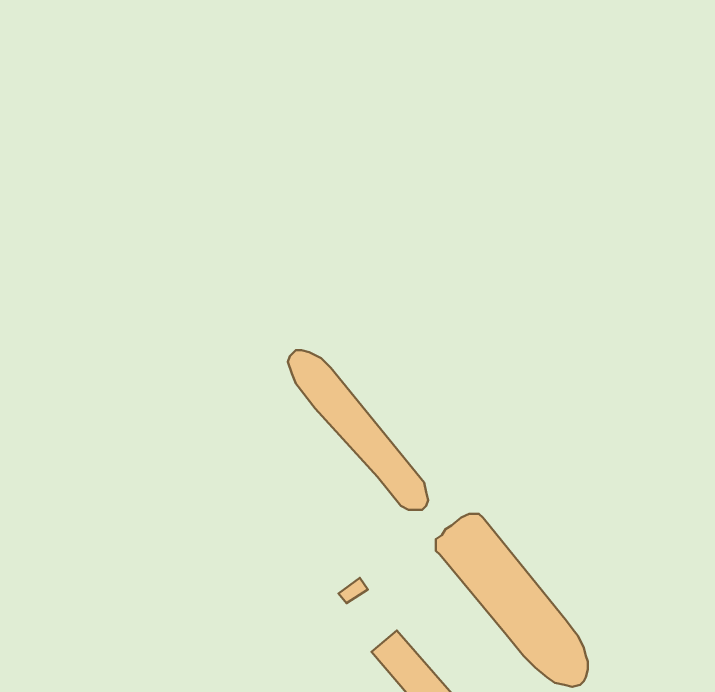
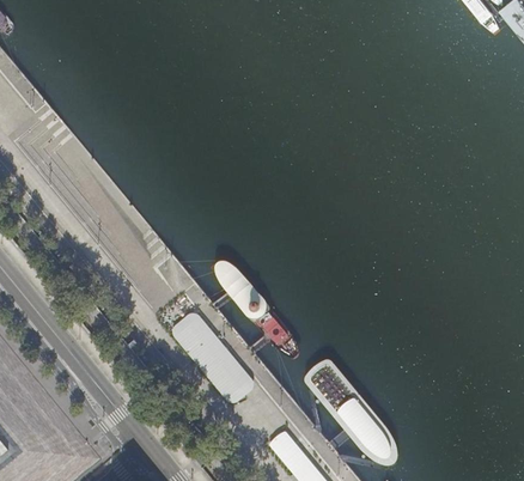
building: none -> [167,310,255,407]

